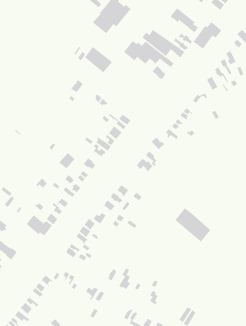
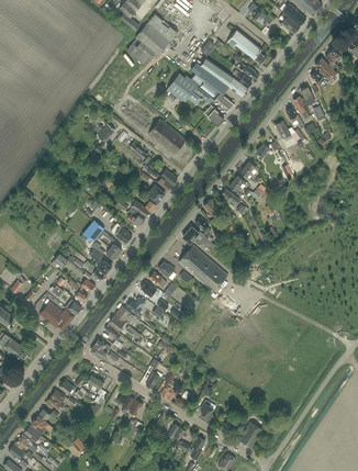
building: [193,22,222,49] -> none
building: [84,46,113,73] -> [149,119,187,154]
building: [174,207,211,243] -> [179,245,227,291]

